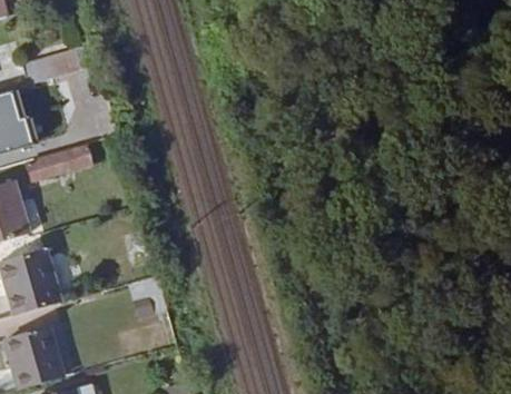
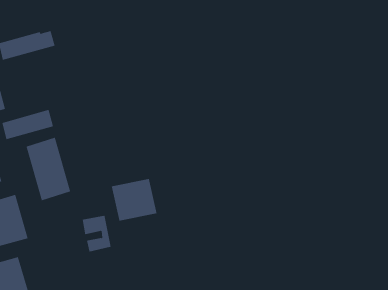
building: none -> [26,137,71,201]
building: none -> [111,178,157,221]

